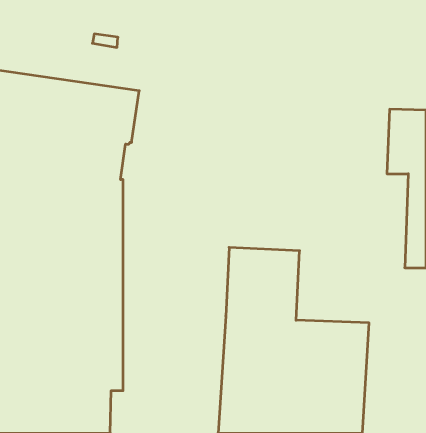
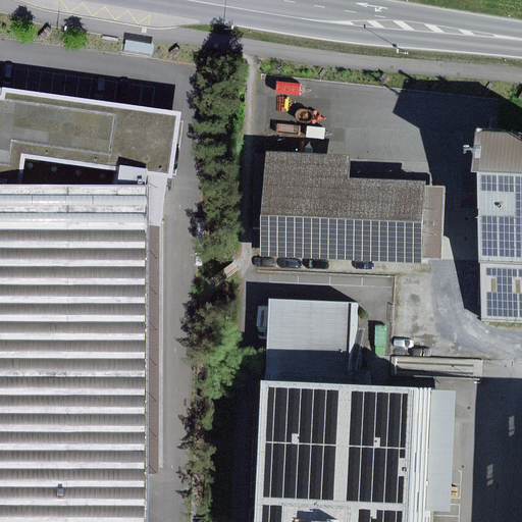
building: none -> [249,153,440,264]

